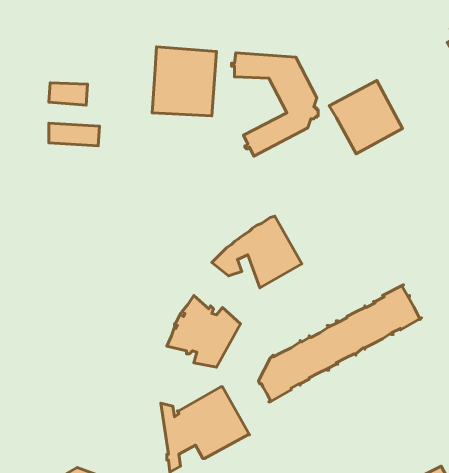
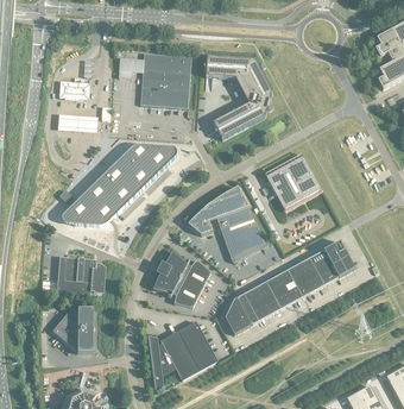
building: [329,81,402,154] -> [264,152,322,210]
building: none -> [63,143,176,225]
building: none -> [226,224,269,260]
building: none -> [56,256,103,292]
building: none -> [51,306,93,351]

